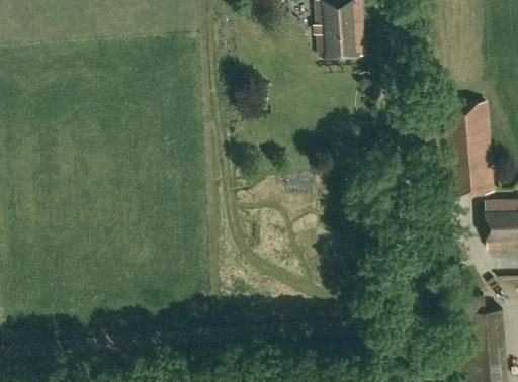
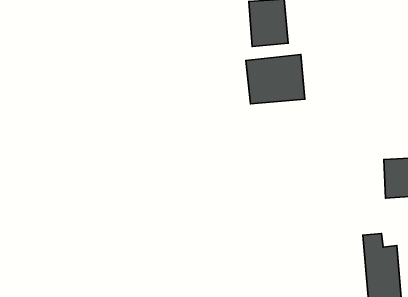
building: none -> [246,55,305,104]
building: [445,105,494,196] -> none

